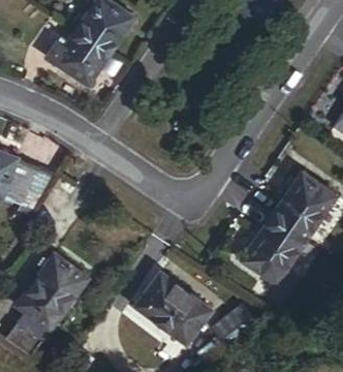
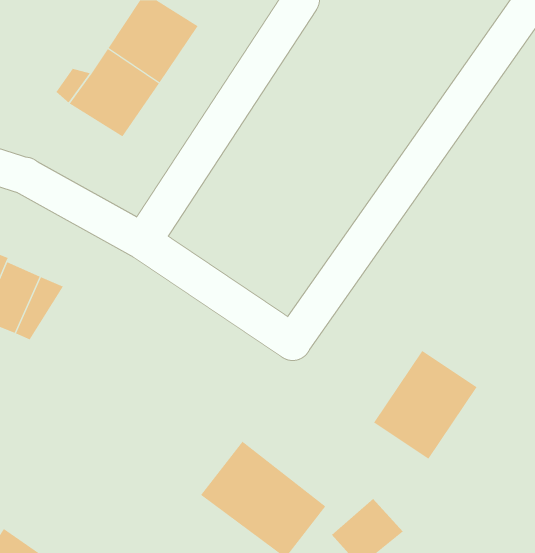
building: [271,174,334,241] -> none
building: [15,256,88,334] -> none

